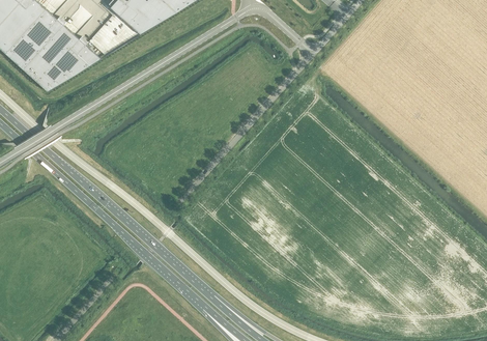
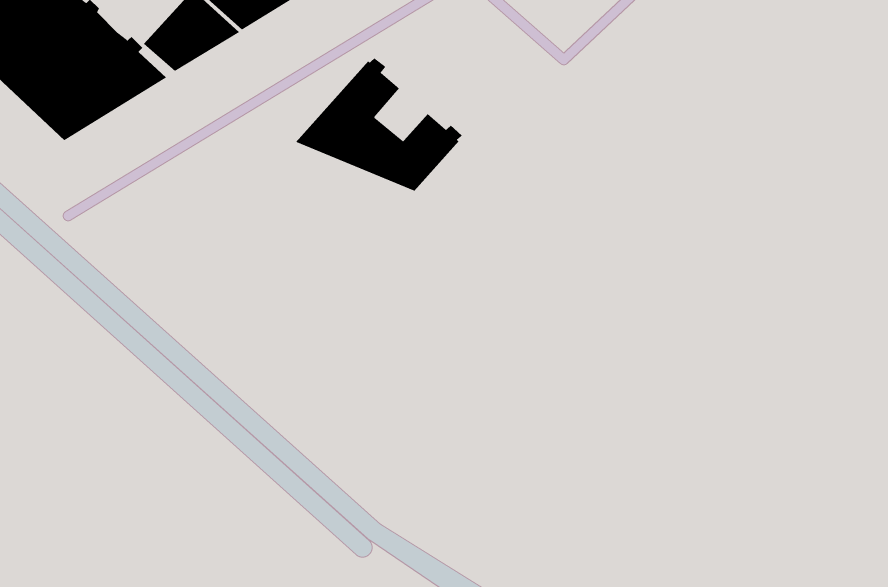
building: none -> [295,58,462,192]

